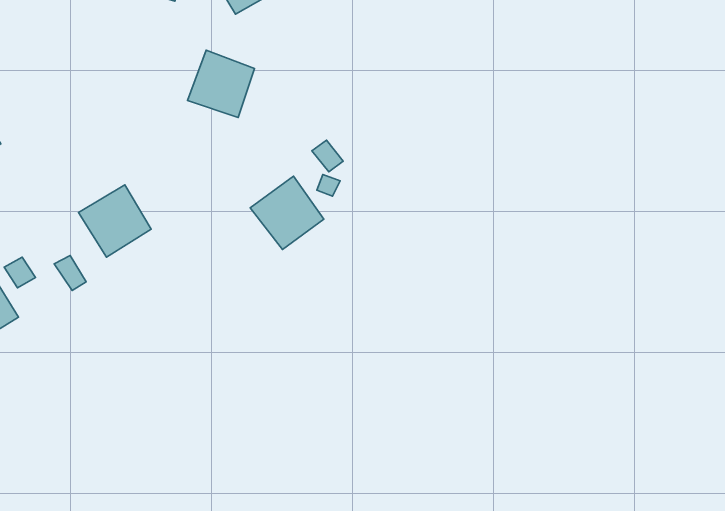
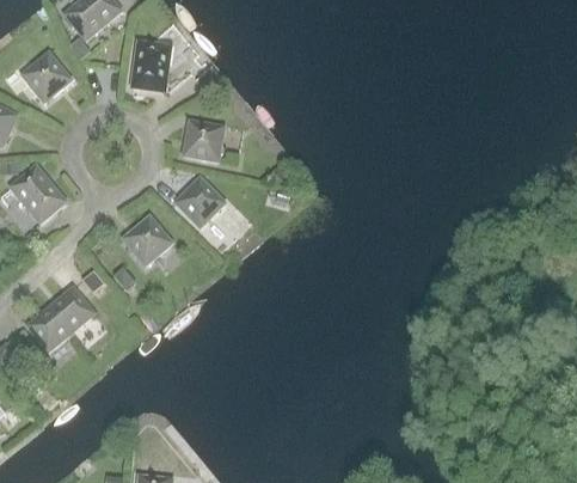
building: [250,176,324,250] -> [176,177,225,226]

